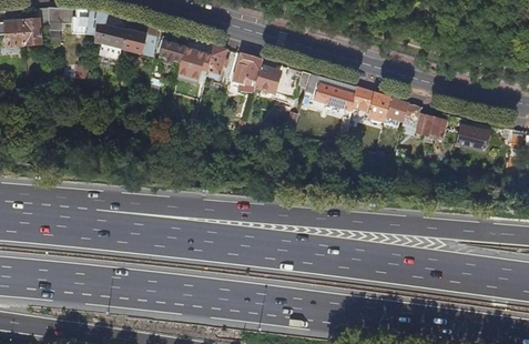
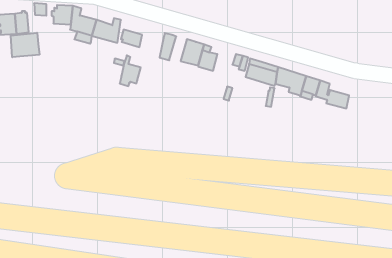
building: [179,37,205,75] -> [120,55,141,86]
building: none -> [11,33,39,57]
building: [456,127,490,152] -> none

